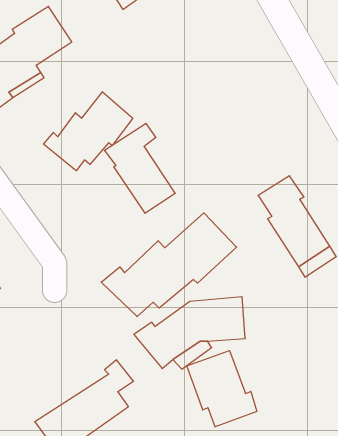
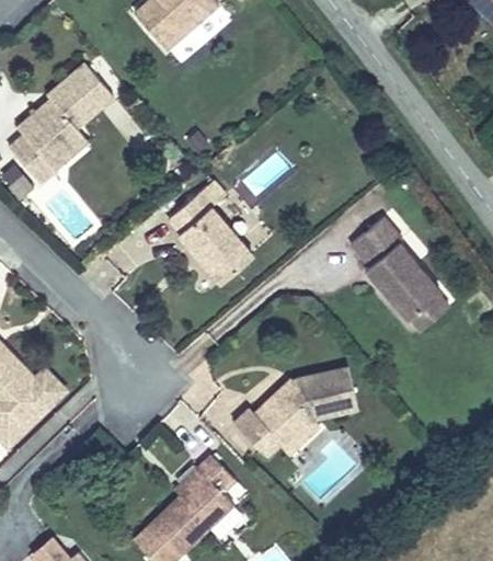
building: [43,92,133,171] -> none
building: [101,213,237,317] -> none
building: [187,351,257,427] -> none

